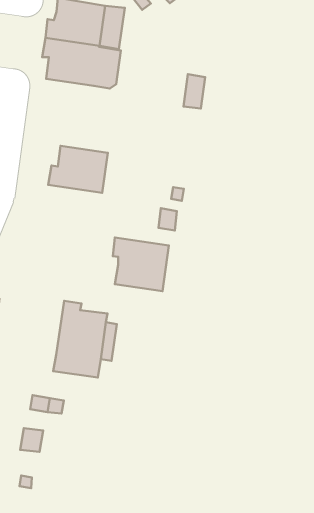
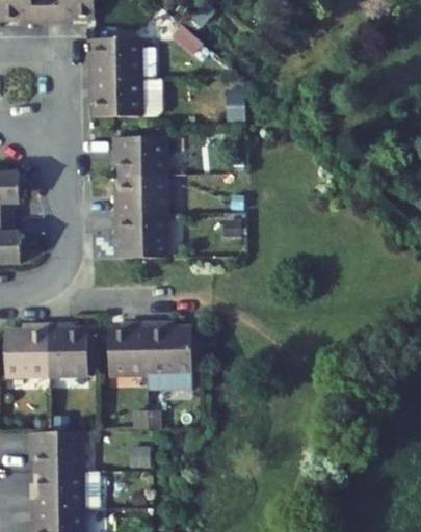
building: none -> [111,136,163,177]
building: [113,238,169,291] -> [112,214,165,259]
building: none -> [106,321,147,374]

